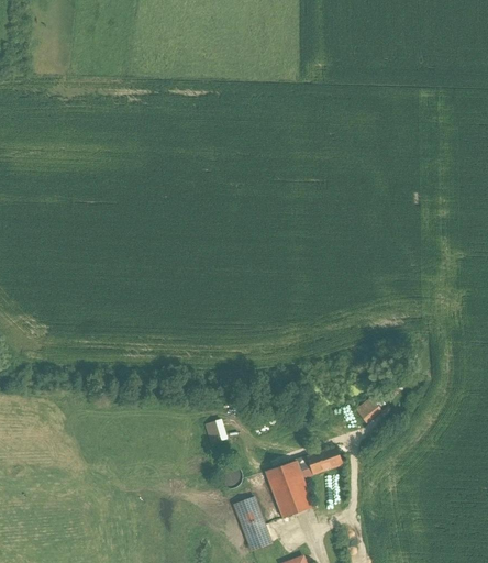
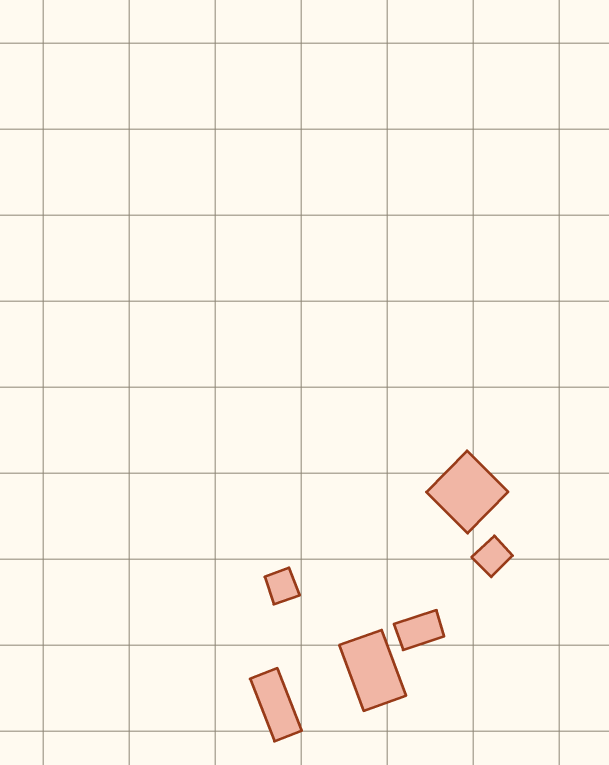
building: none -> [426,451,508,533]
building: [233,497,270,550] -> [250,668,302,741]

